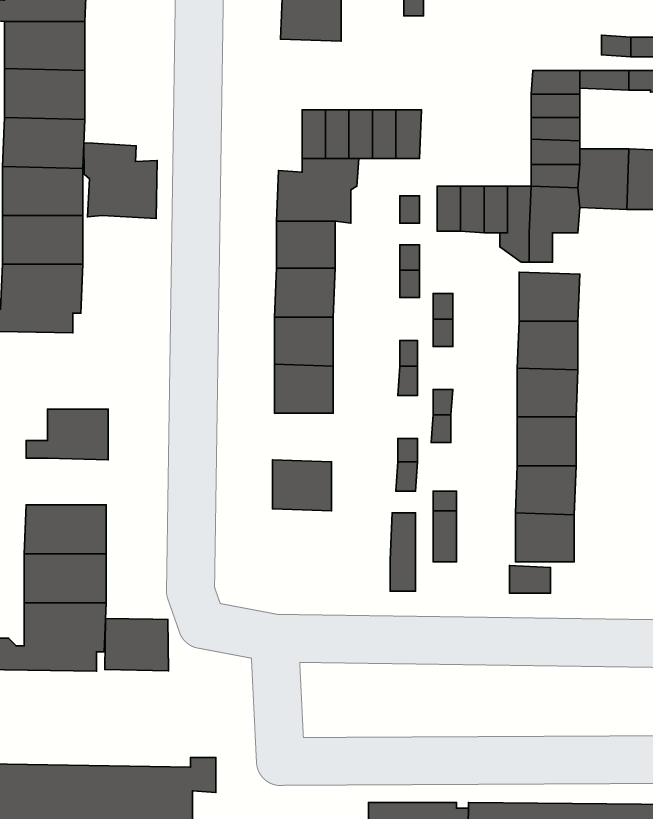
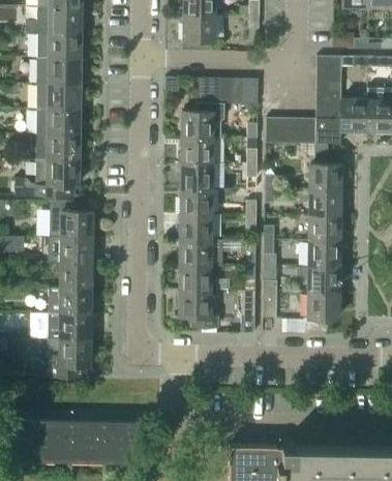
building: [84,143,157,219] -> none
building: none -> [50,202,93,237]
building: none -> [180,239,223,266]
building: none -> [60,263,93,288]
building: none -> [180,290,218,326]
building: [105,618,168,671] -> none

